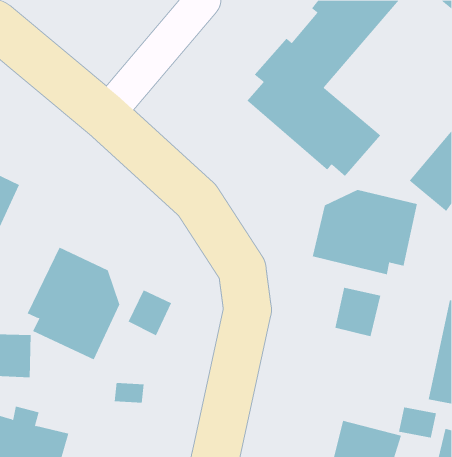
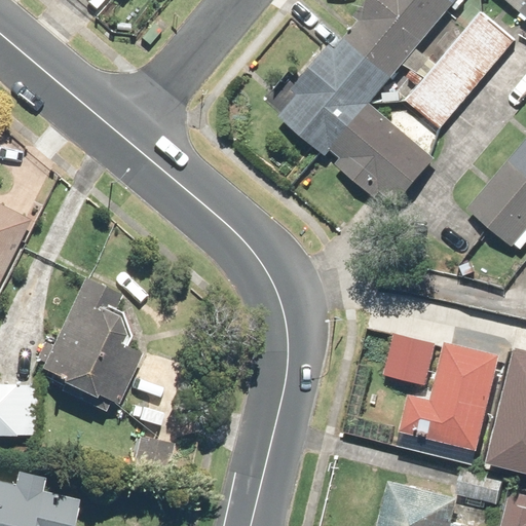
building: none -> [404,12,513,130]
building: [312,189,417,275] -> none
building: [128,290,172,336] -> none
building: none -> [404,345,495,447]

